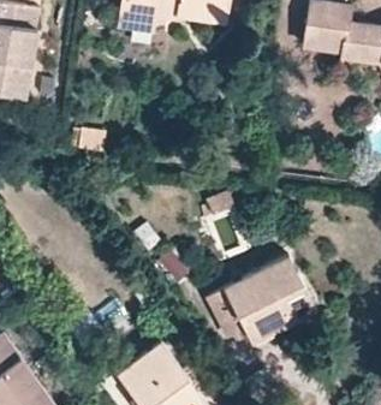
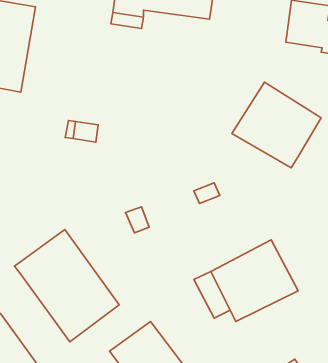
building: none -> [232,82,321,168]
building: none -> [14,229,119,342]

